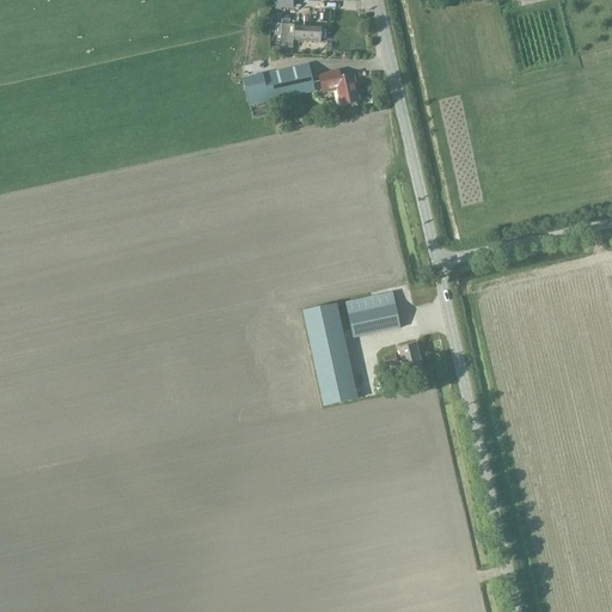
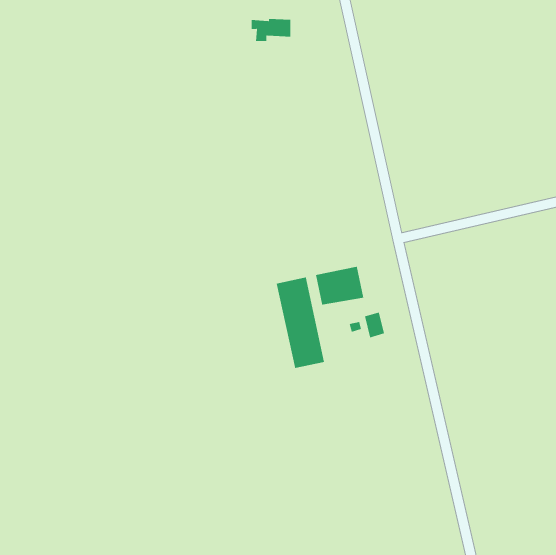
building: [244,62,316,104] -> none
building: [320,71,359,105] -> none

